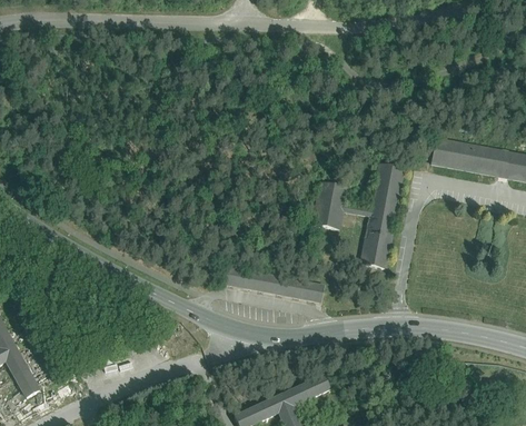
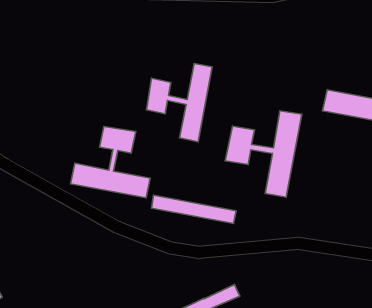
building: none -> [146,63,212,142]
building: none -> [71,126,150,198]

